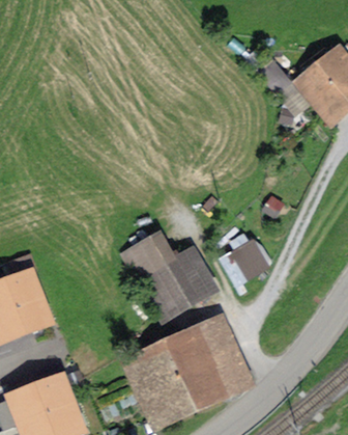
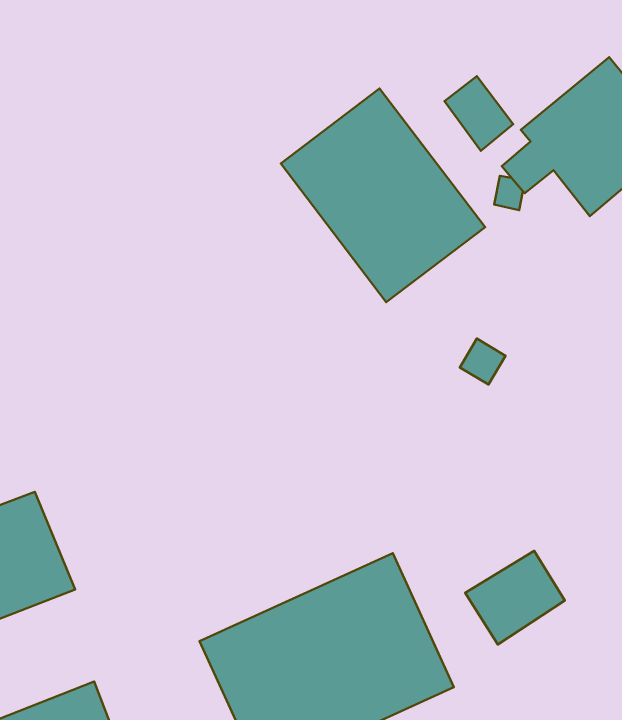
building: none -> [281,89,485,302]
building: [118,224,220,321] -> none
building: [215,235,269,286] -> [465,551,565,645]

